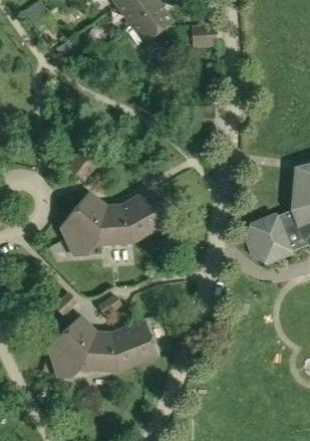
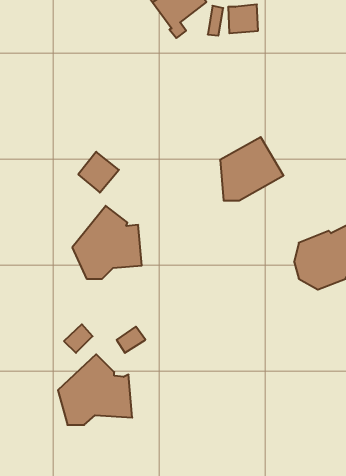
building: [116,189,170,242] -> [220,137,284,201]
building: [108,320,157,370] -> none

